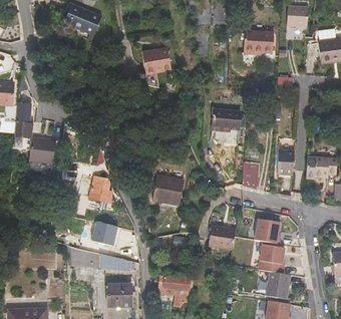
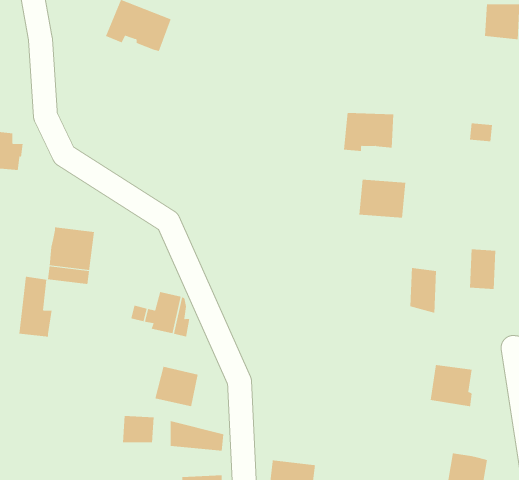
building: [243,31,273,54] -> [343,112,394,152]
building: [142,48,170,74] -> none
building: [14,103,34,139] -> [18,276,52,337]
building: [152,176,184,205] -> none
building: [208,226,235,250] -> none
building: [256,244,282,273] -> none

